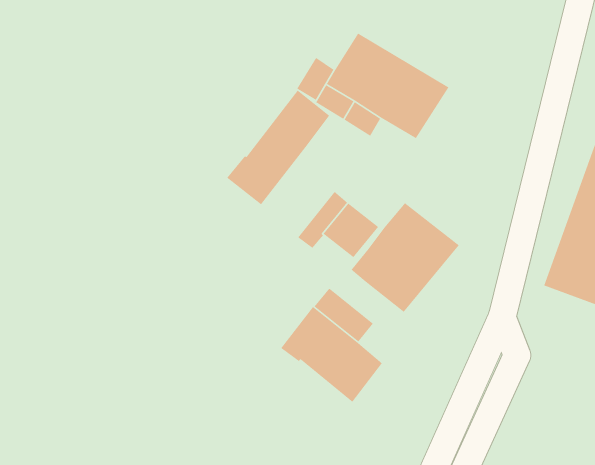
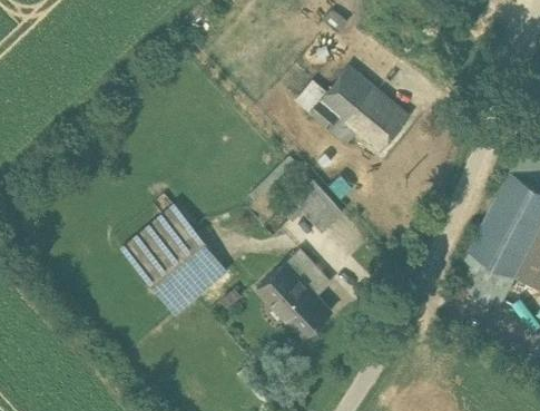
building: [226,89,330,205] -> none
building: [351,202,460,313] -> none
building: none -> [124,206,225,312]

